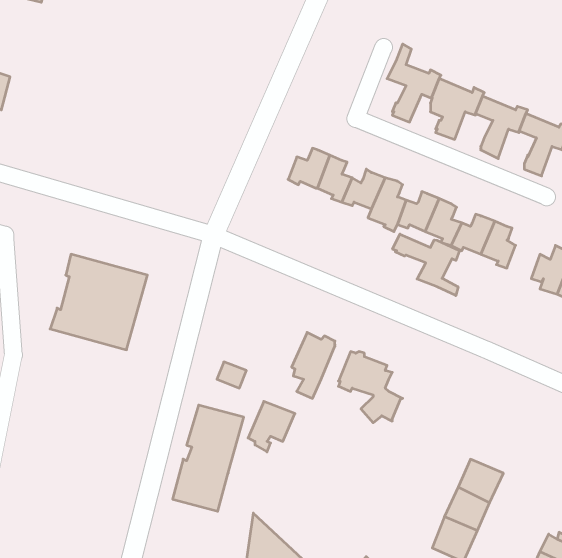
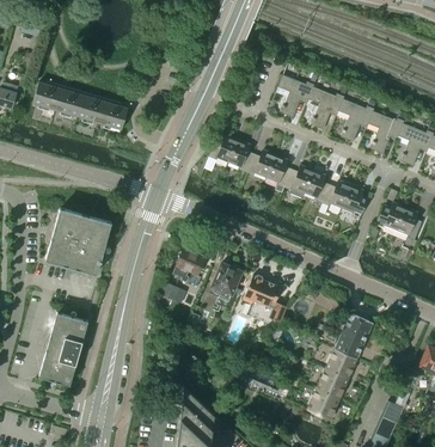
building: none -> [32,81,128,129]
building: [393,234,460,296] -> none
building: [248,401,295,452] -> [173,247,206,282]
building: [173,405,244,511] -> [39,312,88,385]
building: none -> [335,313,373,359]

